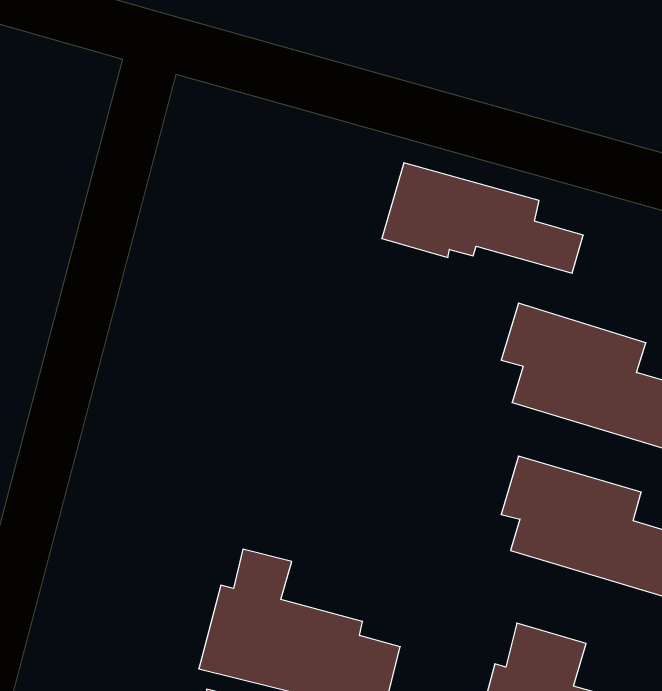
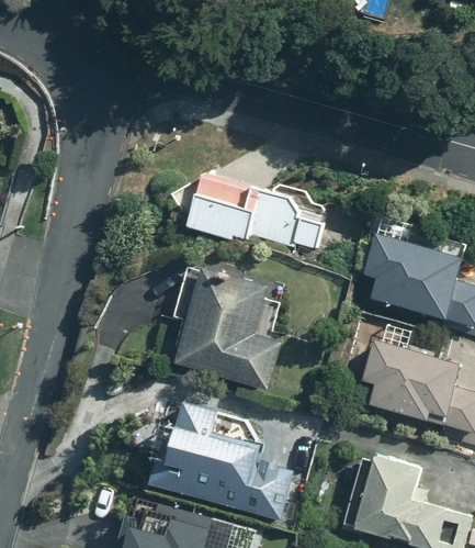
building: [382,163,583,273] -> [185,174,326,250]
building: none -> [172,266,281,390]

